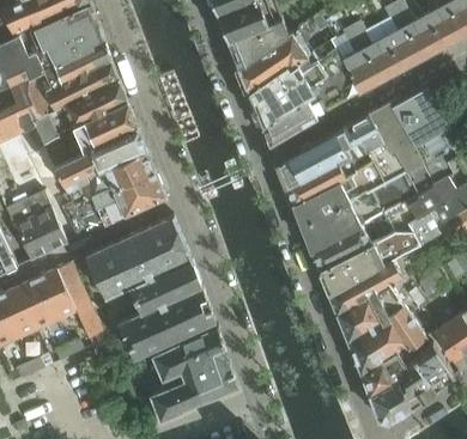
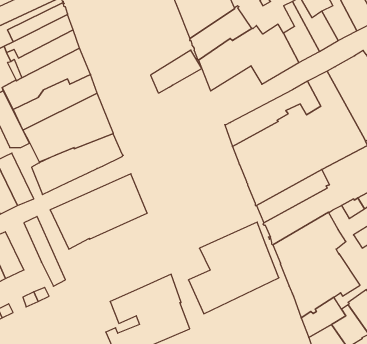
building: [260,97,316,144] -> [151,50,202,93]
building: [115,258,214,359] -> [188,222,279,314]
building: [35,269,74,321] -> none

